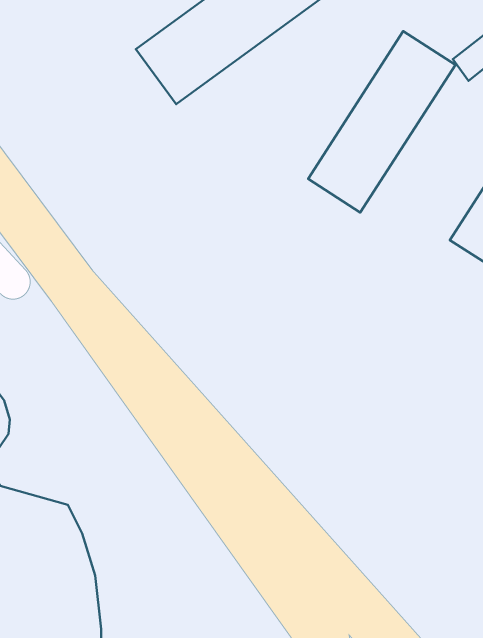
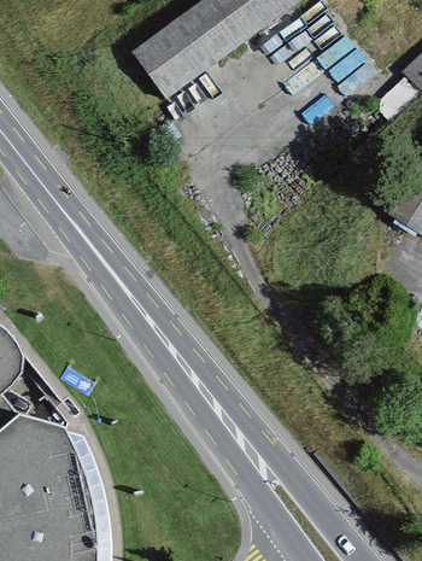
building: [308,31,455,213] -> none

